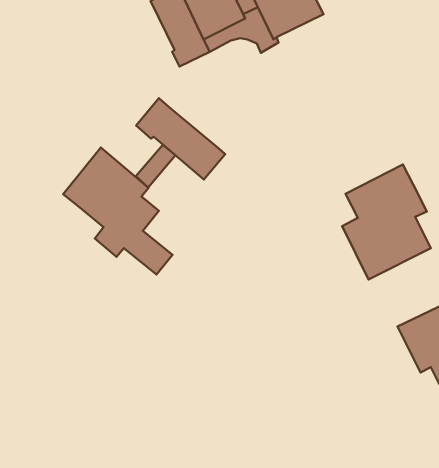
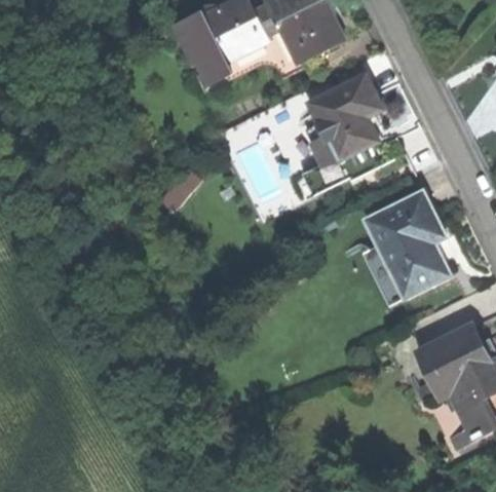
building: none -> [301,71,402,189]
building: [136,98,225,179] -> none
building: [63,148,172,275] -> none

